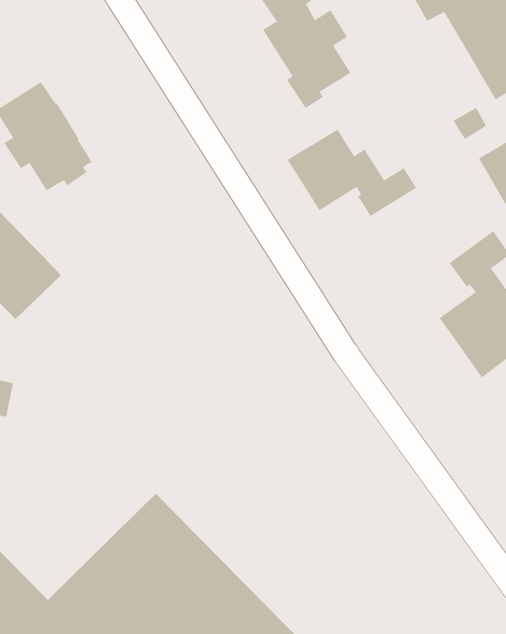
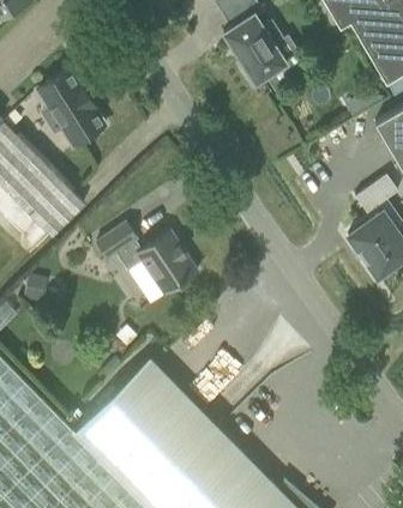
building: [287,129,417,217] -> none
building: none -> [96,223,197,296]

